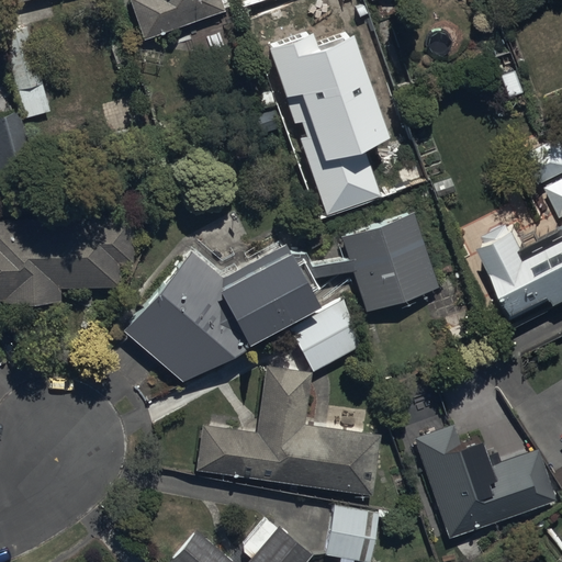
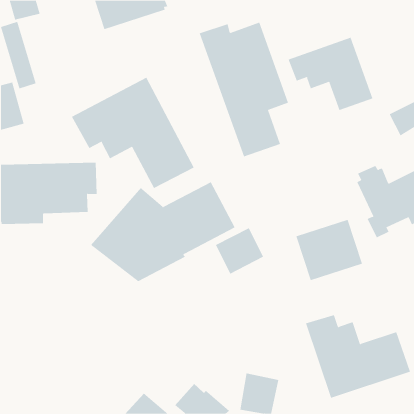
building: none -> [288,37,373,111]
building: none -> [71,77,194,189]
building: [346,227,437,311] -> [295,219,363,281]
building: [195,368,381,497] -> none

